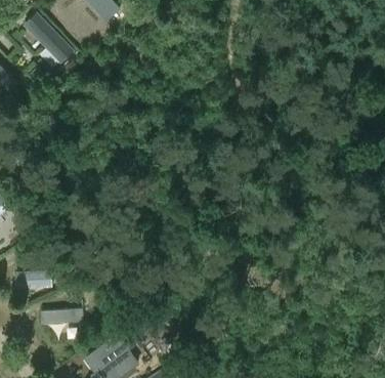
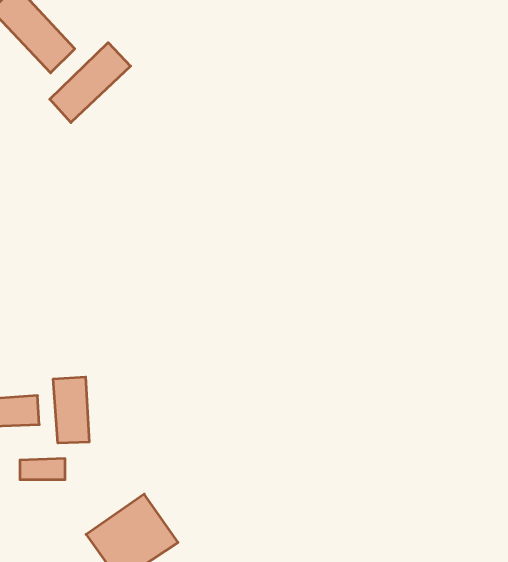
building: none -> [50,43,131,123]
building: none -> [53,377,89,443]

